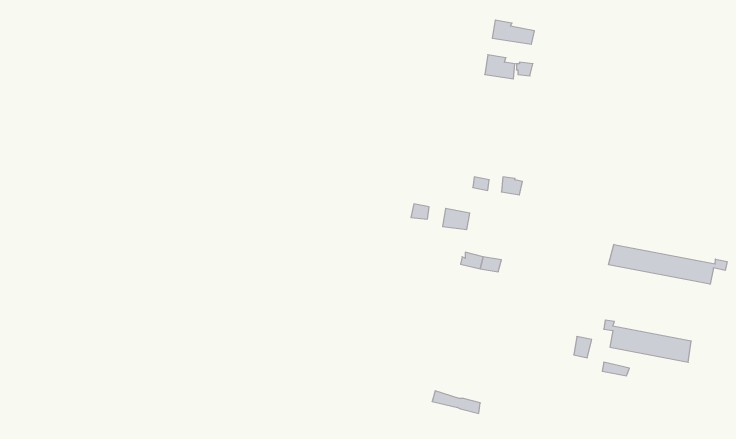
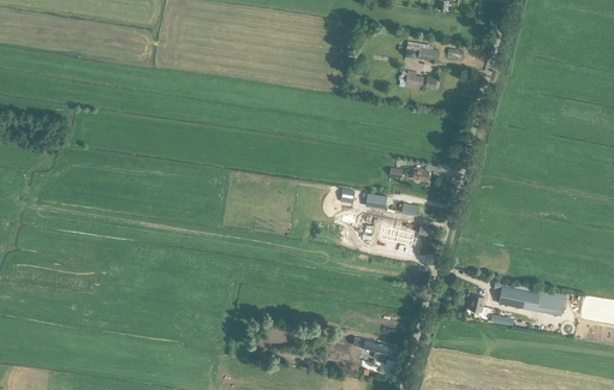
building: [609,244,727,284] -> none

